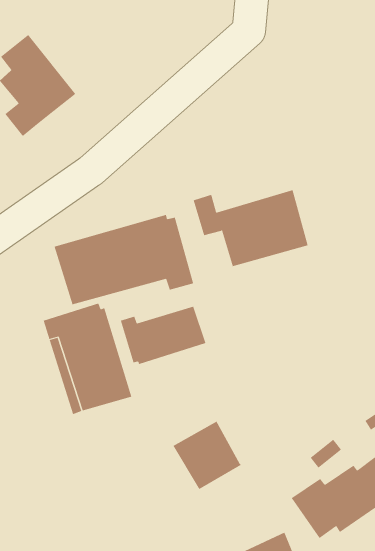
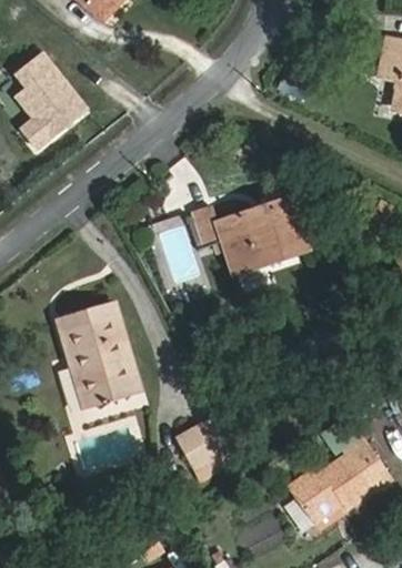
building: [54,214,194,305] -> none
building: [120,306,206,365] -> none

